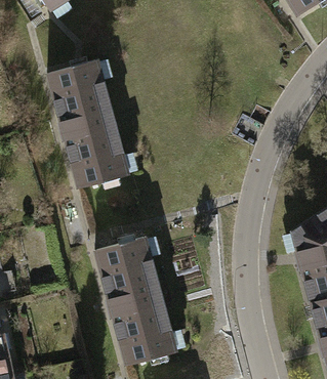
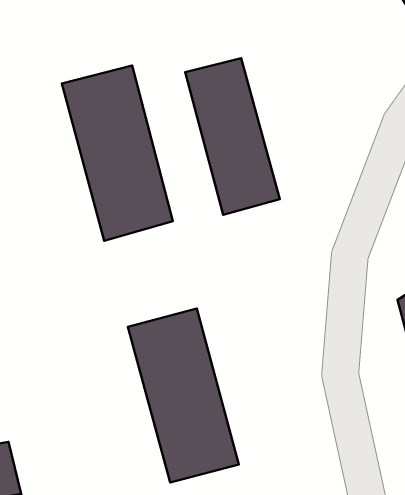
building: none -> [185,58,280,215]

